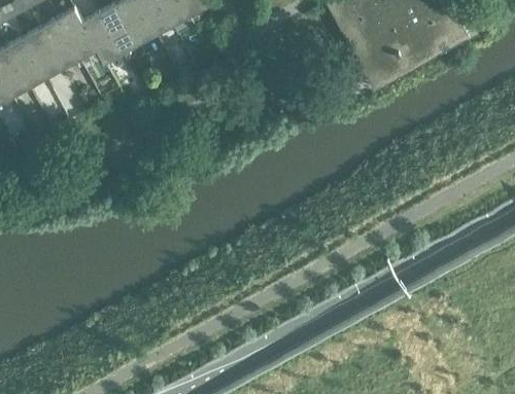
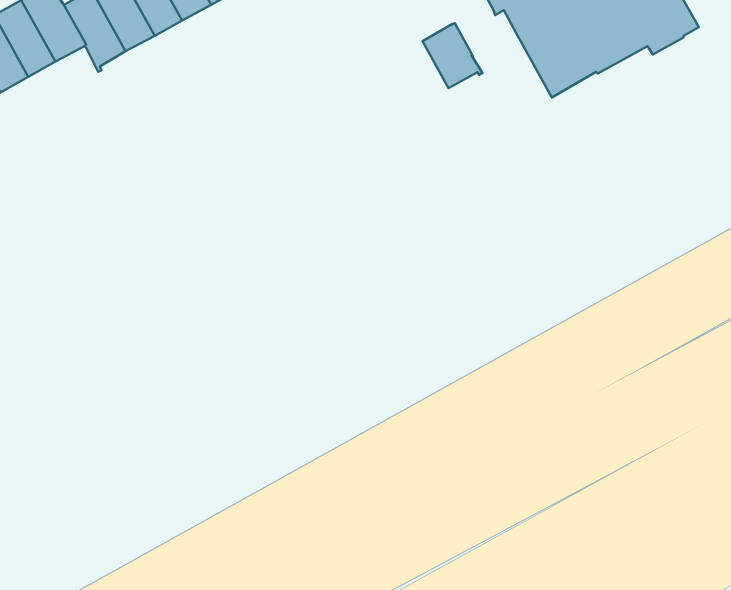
building: none -> [423,23,483,88]

